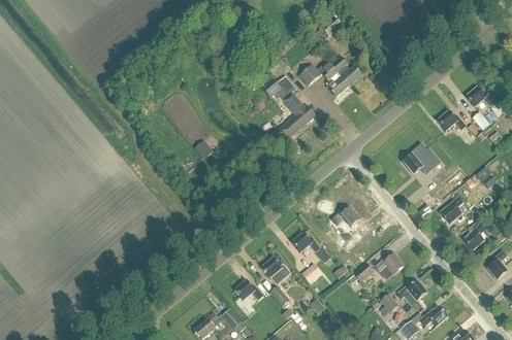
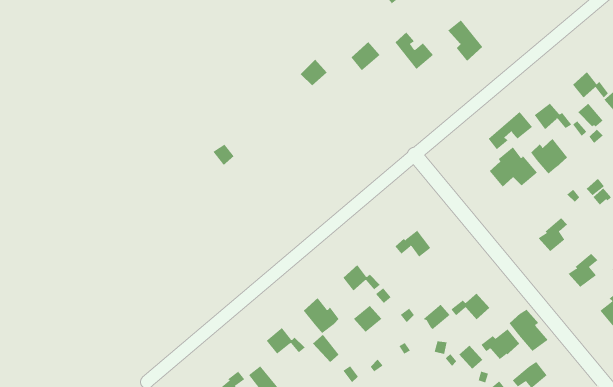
building: [321,65,348,97] -> [448,20,483,62]
building: [280,93,314,137] -> none
building: none -> [488,111,533,150]
building: none -> [530,138,568,174]
building: none -> [509,309,549,352]

